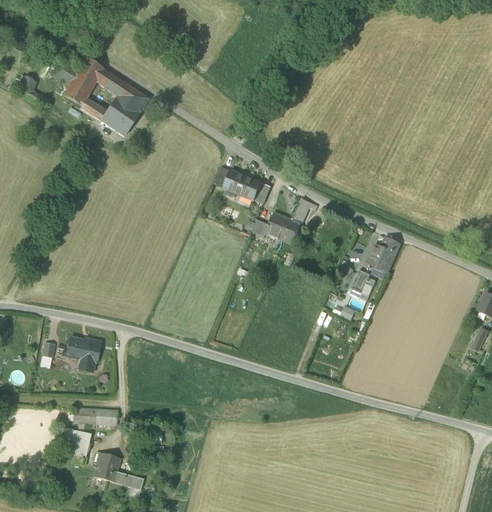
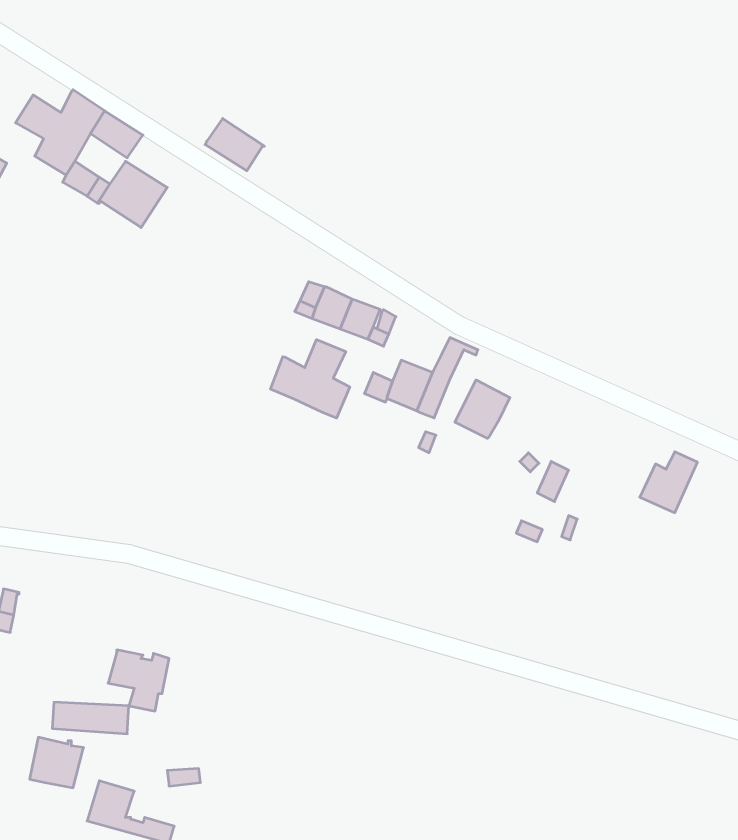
building: [116,82,150,112] -> [205,118,264,171]
building: none -> [271,340,350,418]
building: none -> [455,380,510,438]
building: [367,236,400,271] -> [640,452,697,513]
building: [66,336,101,371] -> [108,650,169,711]

